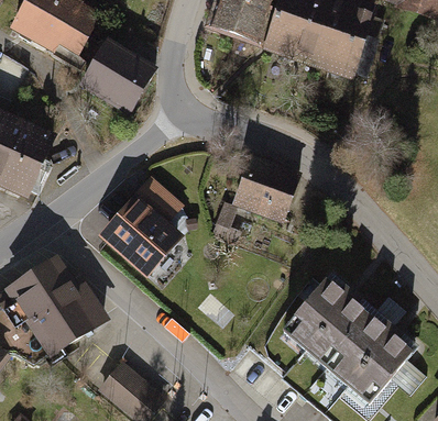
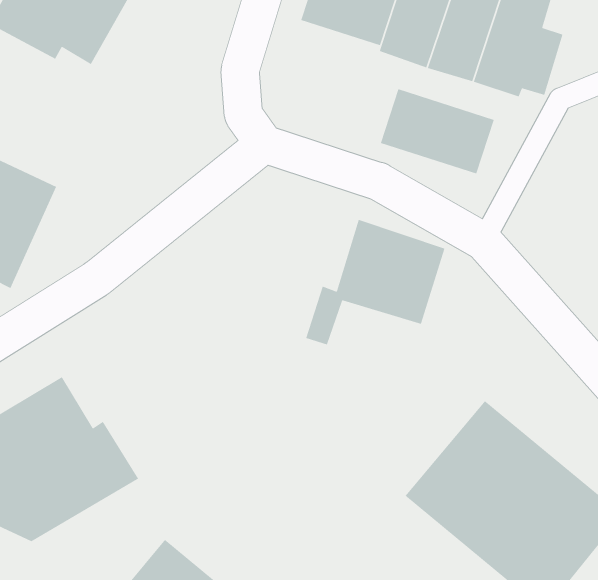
building: [77,40,156,117] -> none
building: none -> [380,88,495,175]
building: [100,178,187,277] -> none

